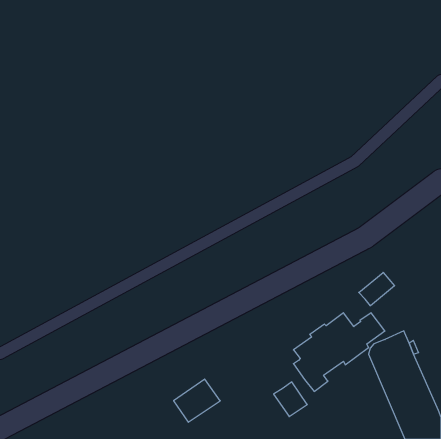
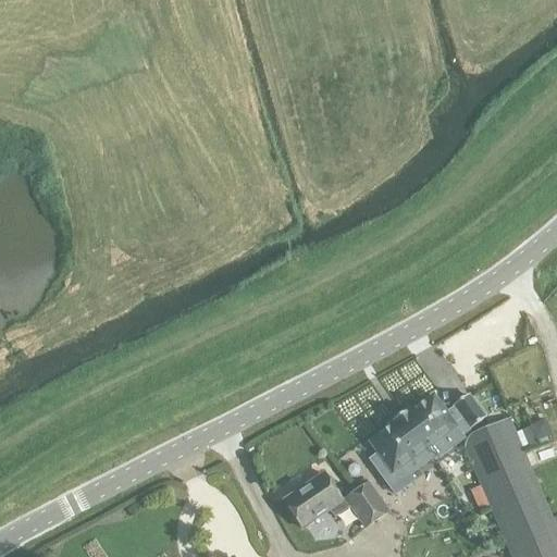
building: [359,272,395,306] -> none
building: [174,379,220,422] -> [283,471,342,525]

